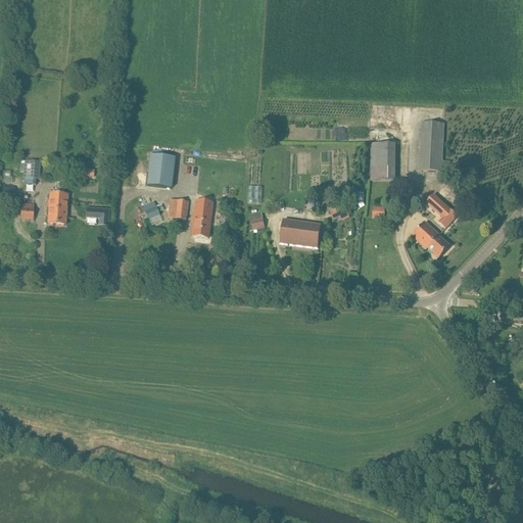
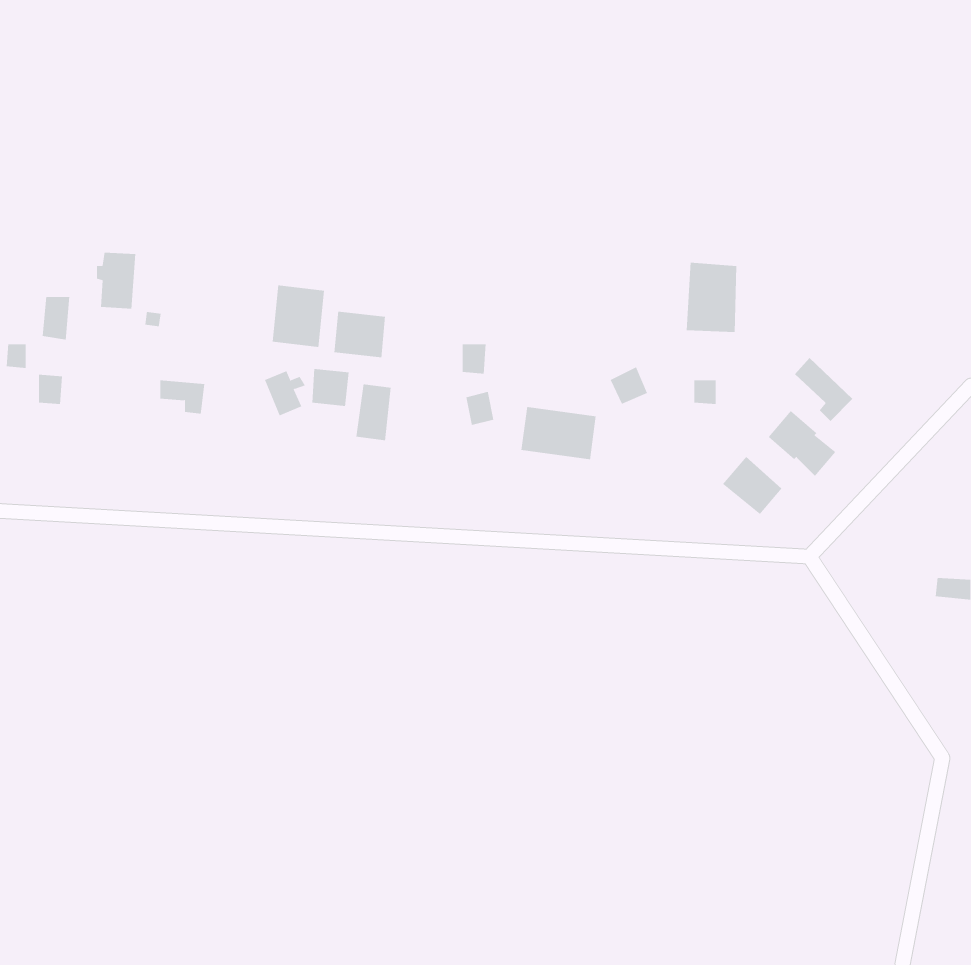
building: [420,121,450,170] -> none
building: none -> [334,311,386,358]
building: [46,192,67,223] -> [96,252,136,309]
building: none -> [722,456,782,515]

